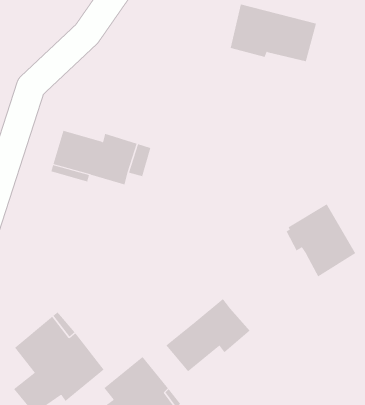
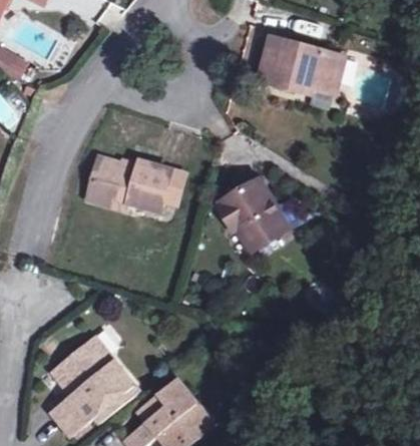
building: [286,203,356,277] -> [219,178,287,250]
building: [166,298,250,372] -> none

